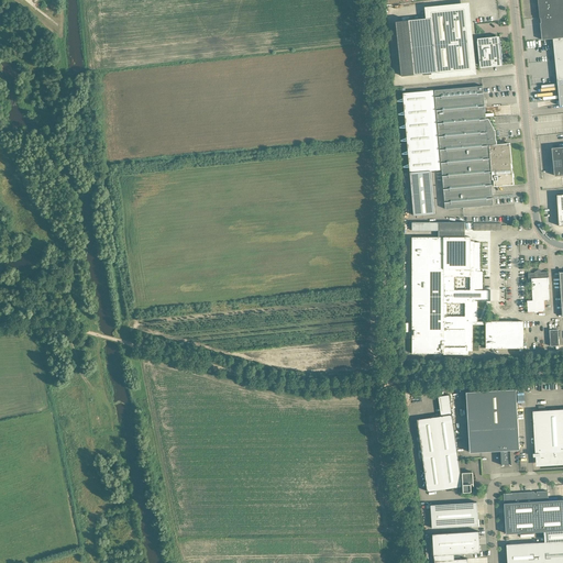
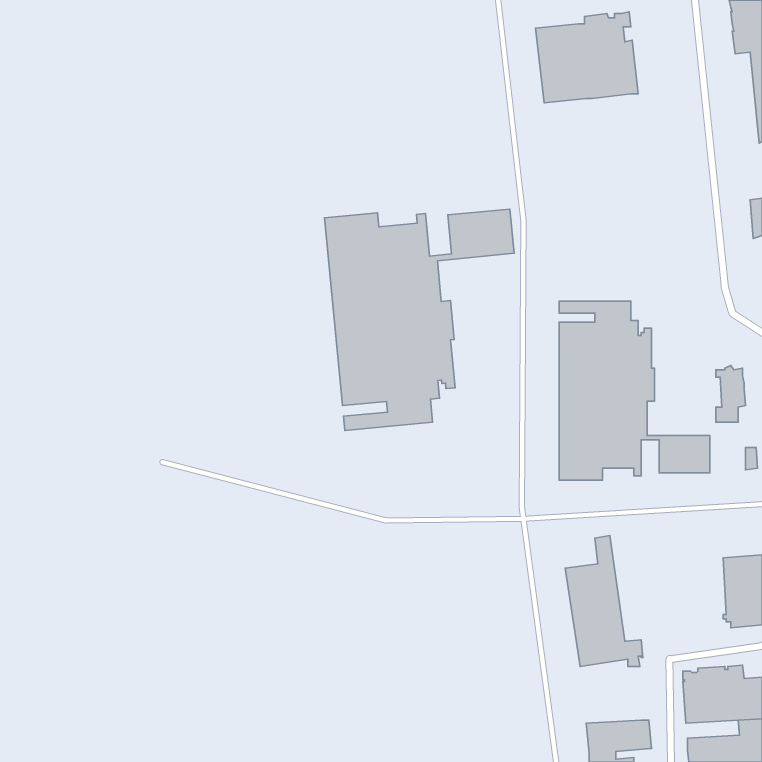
building: [477,36,503,66] -> none
building: [402,86,514,216] -> none
building: none -> [325,209,514,430]
building: [466,389,519,465] -> none
building: [431,501,478,528] -> none

